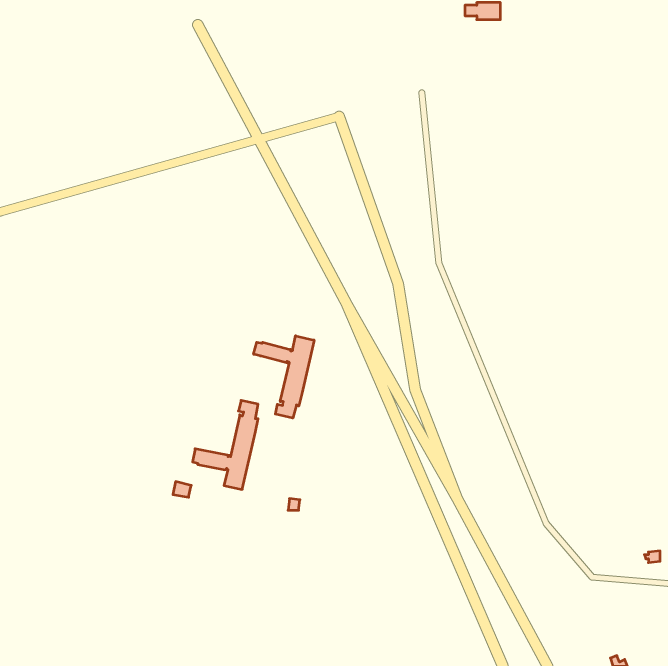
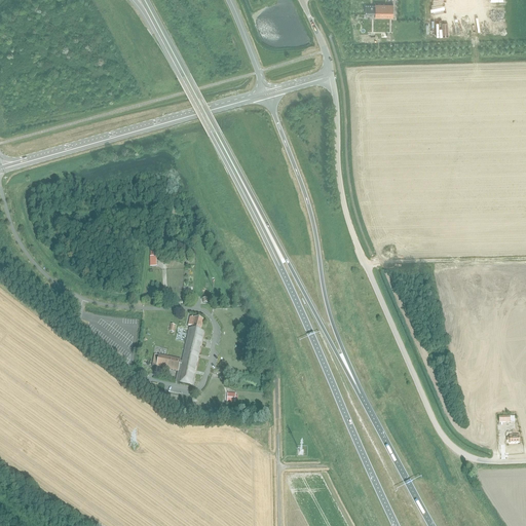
building: [254,336,314,418] -> none

